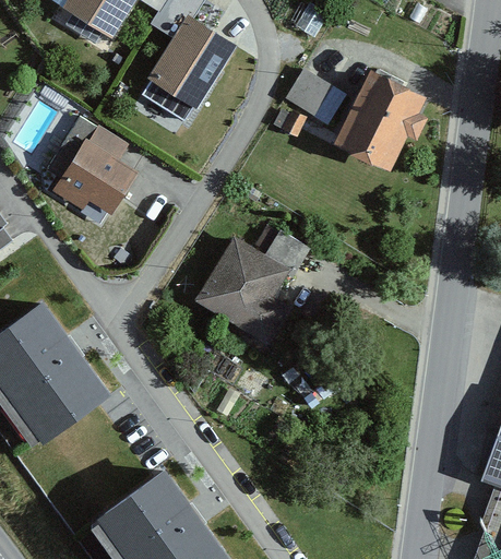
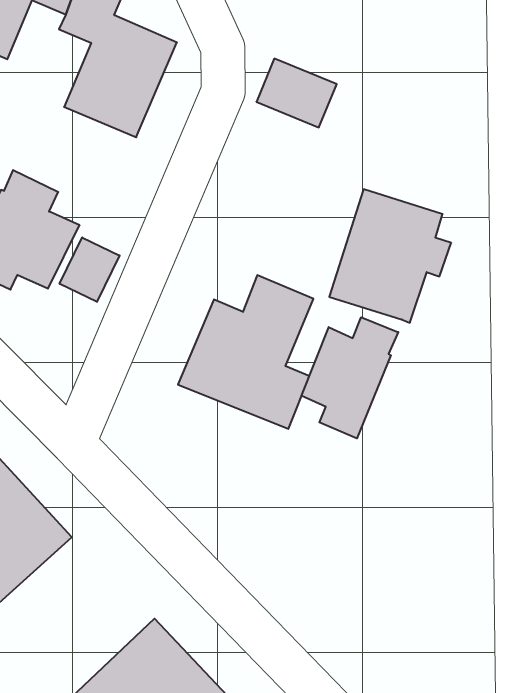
building: [333,73,427,175] -> [329,189,451,323]
building: none -> [60,237,120,302]
building: none -> [302,317,398,438]

